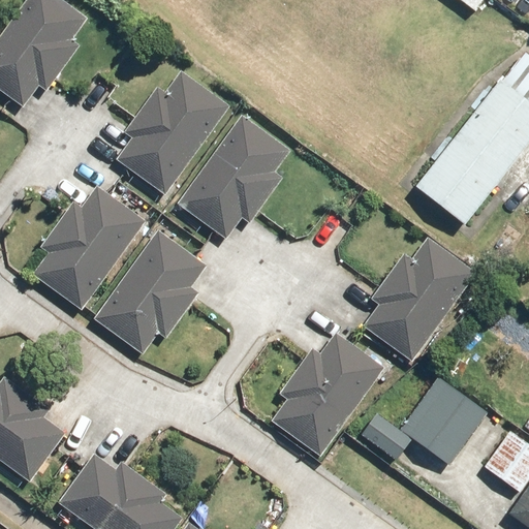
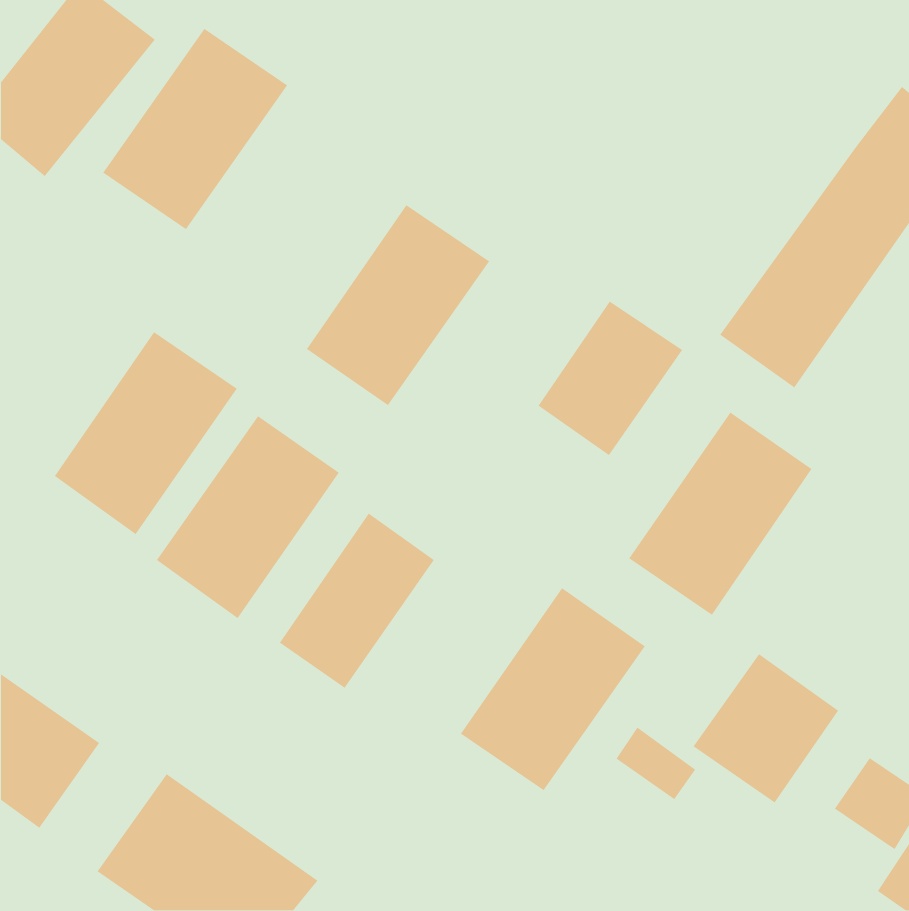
building: [119,72,226,189] -> [102,28,288,230]
building: none -> [537,301,683,456]
building: none -> [279,512,435,689]

